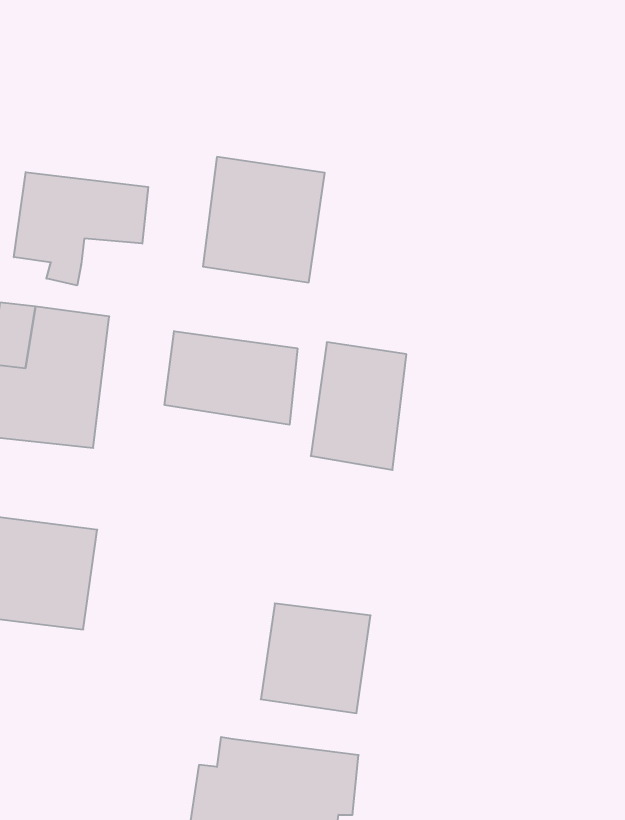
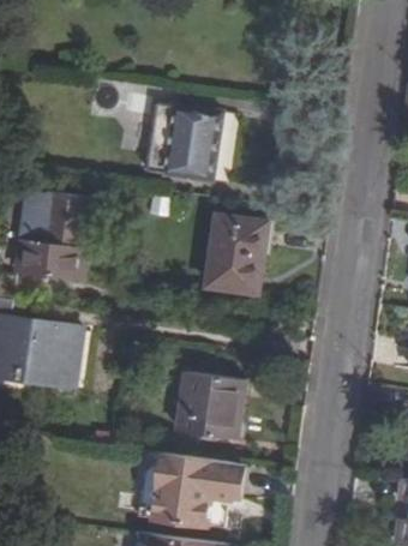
building: [14,172,148,285] -> none
building: [165,331,297,425] -> none

